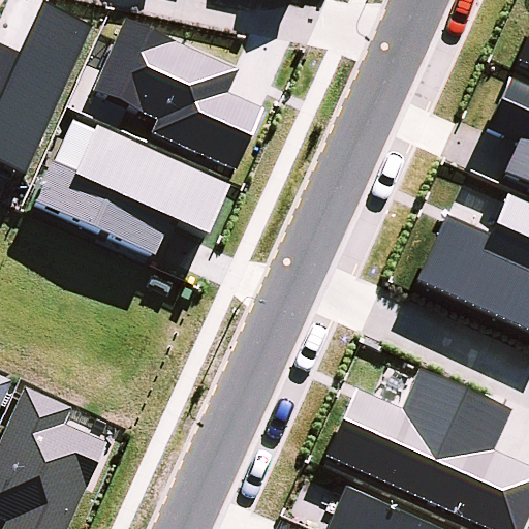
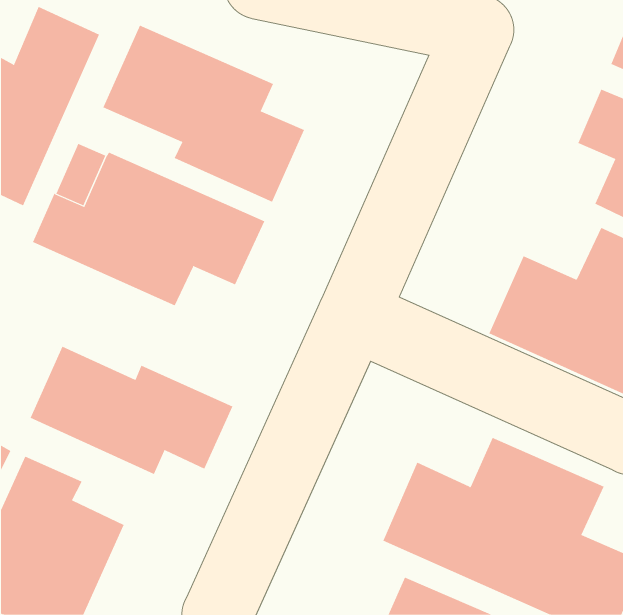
building: none -> [30,346,233,475]

